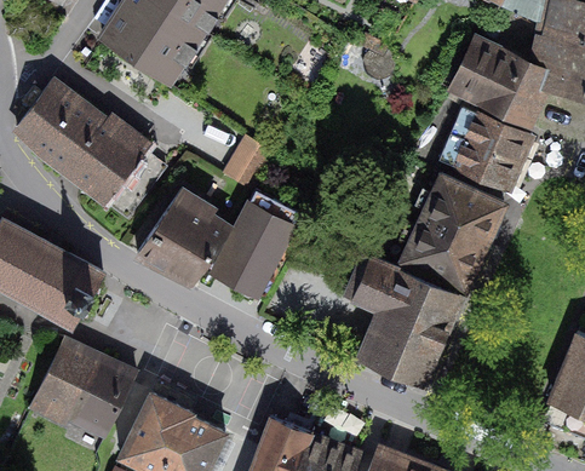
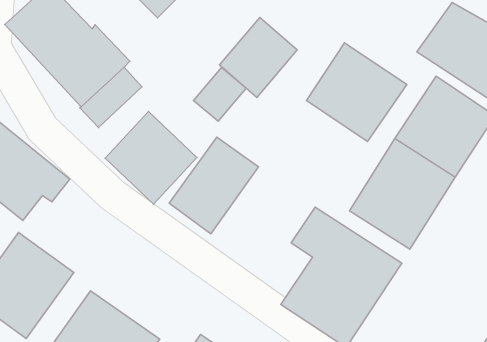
building: none -> [219,17,297,97]
building: none -> [307,43,407,142]

